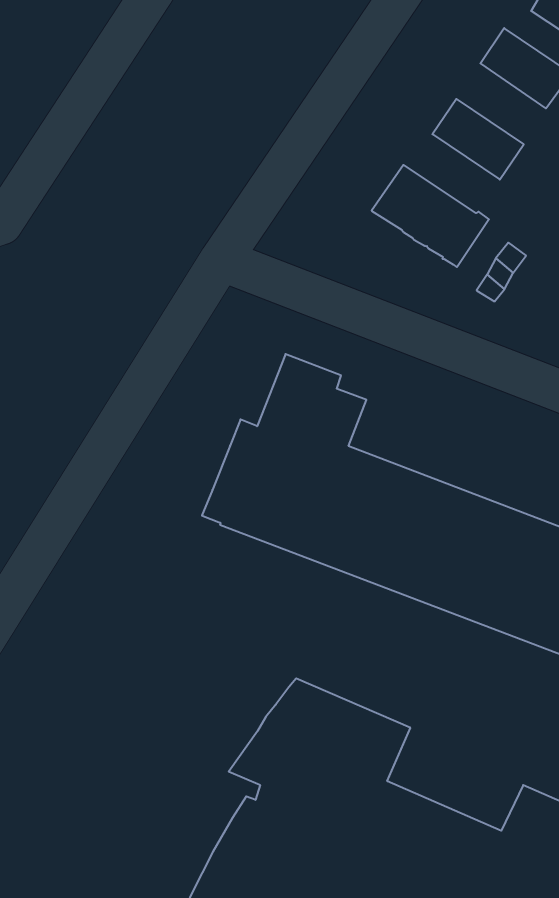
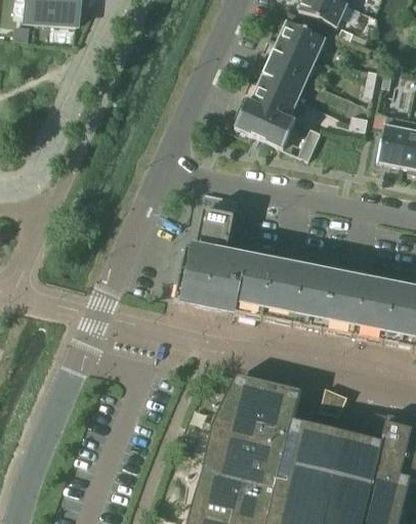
building: none -> [268,40,316,78]
building: none -> [247,81,298,118]

